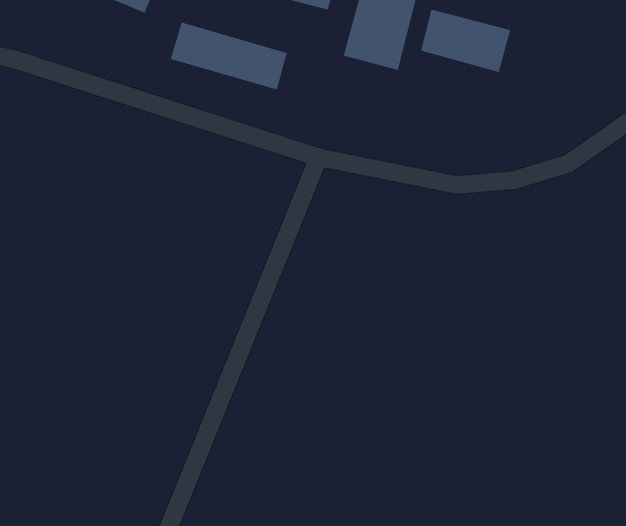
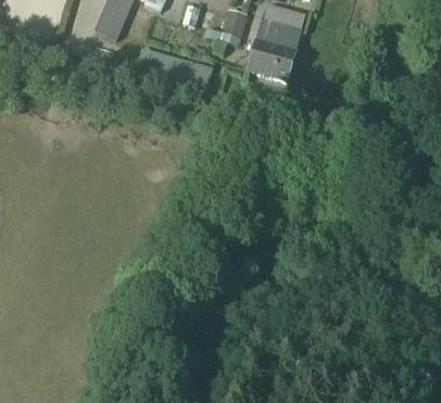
building: [420,9,511,73] -> none

